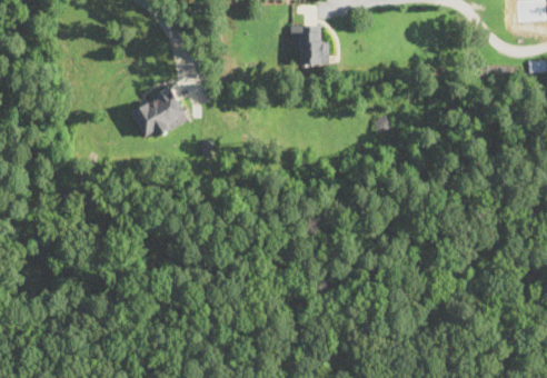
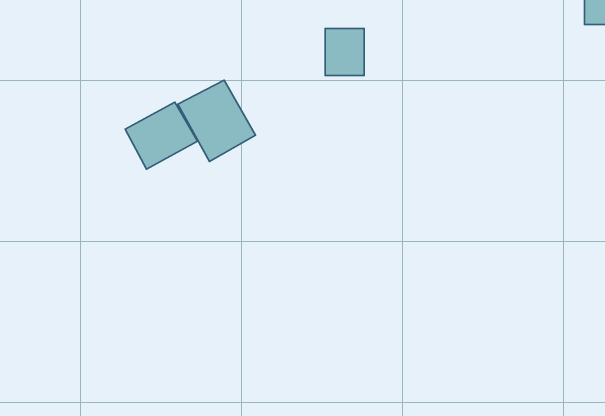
building: none -> [178,80,255,161]

